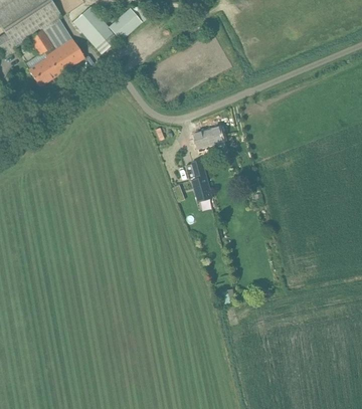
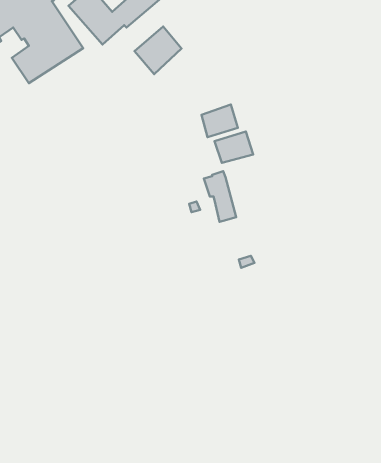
building: none -> [135,26,182,74]
building: none -> [201,105,238,137]

